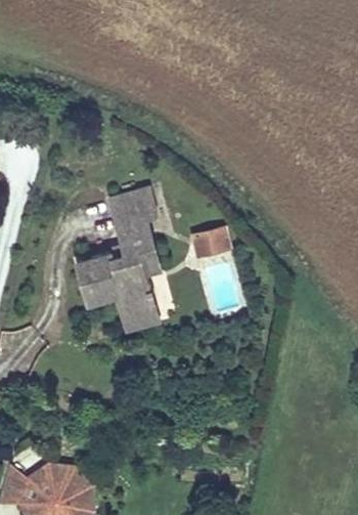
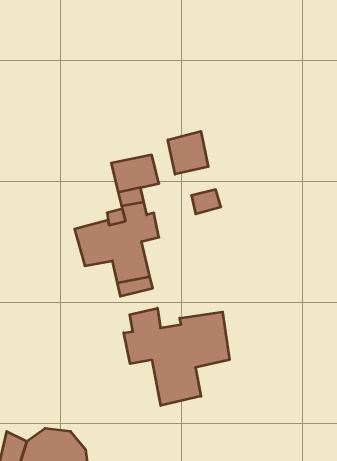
building: none -> [168,131,208,174]
building: none -> [124,308,229,406]

